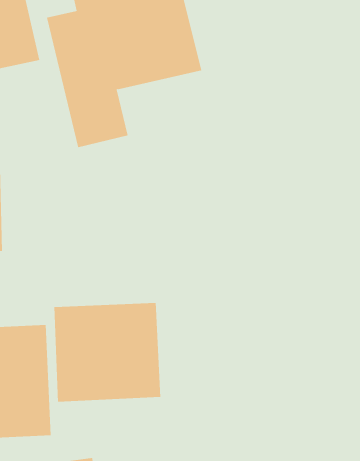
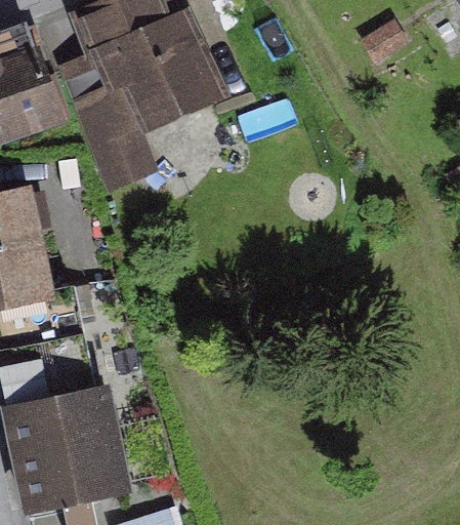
building: [54,302,161,402] -> none

